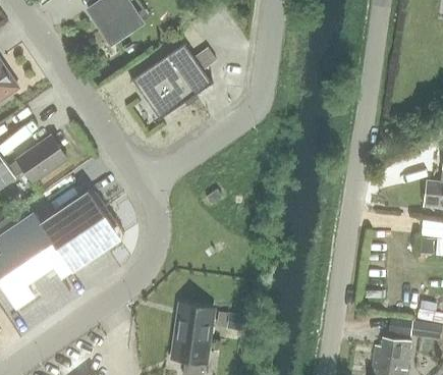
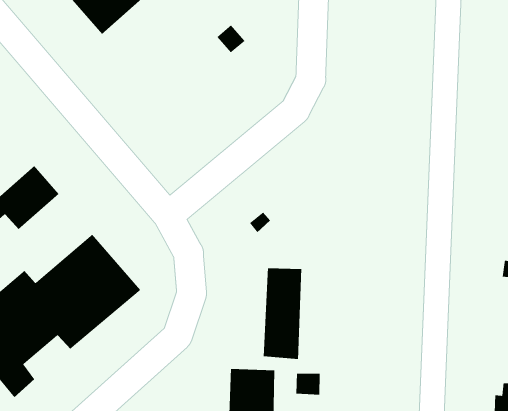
building: [130,42,214,121] -> none
building: none -> [263,267,302,360]

